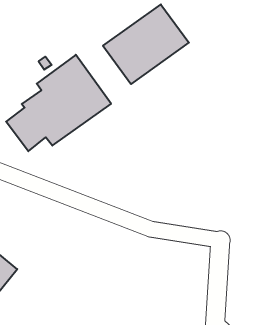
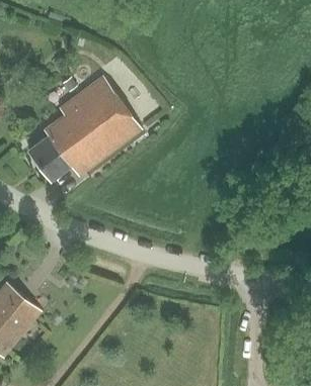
building: [103,4,189,84] -> none

